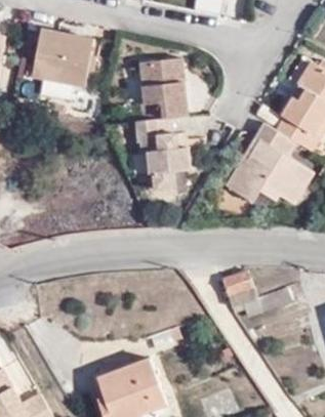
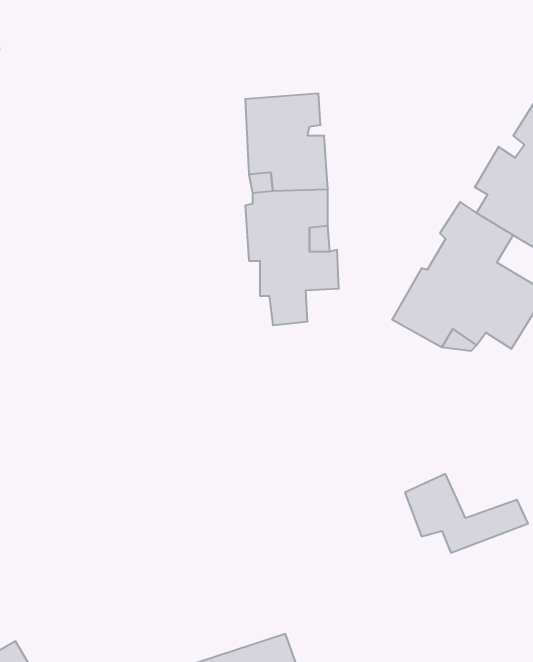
building: [31,29,91,86] -> none

